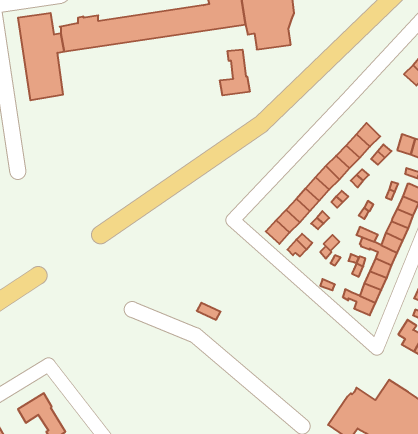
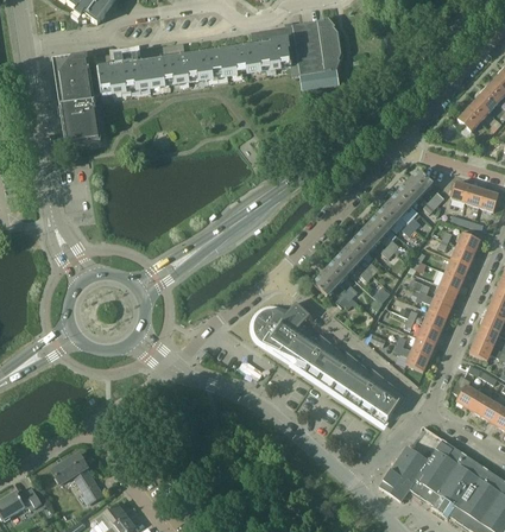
building: [220,50,250,95] -> none
building: none -> [253,300,406,424]

